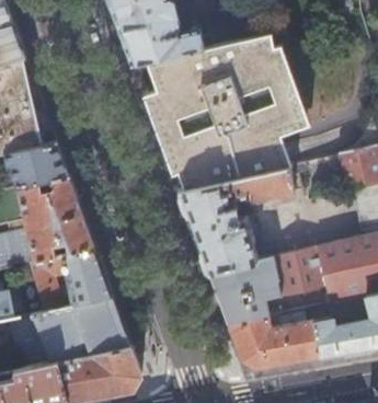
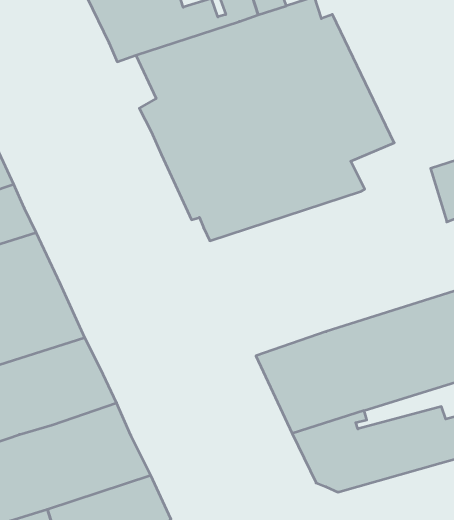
building: [179,165,303,270] -> none

